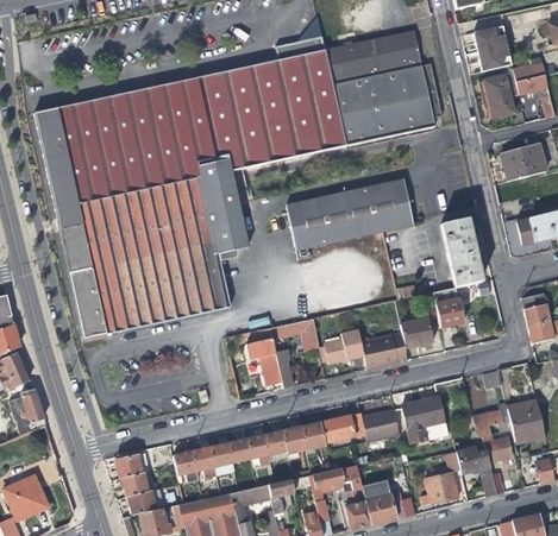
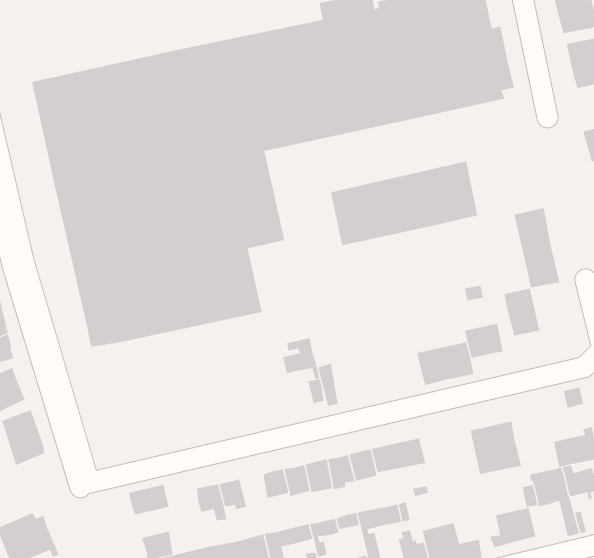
building: [269,319,319,354] -> none
building: [324,329,362,364] -> none
building: [362,409,400,442] -> none
building: [209,443,234,477] -> none
building: [120,471,156,497] -> none

